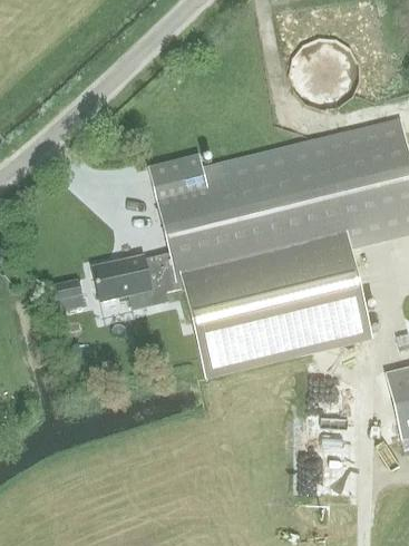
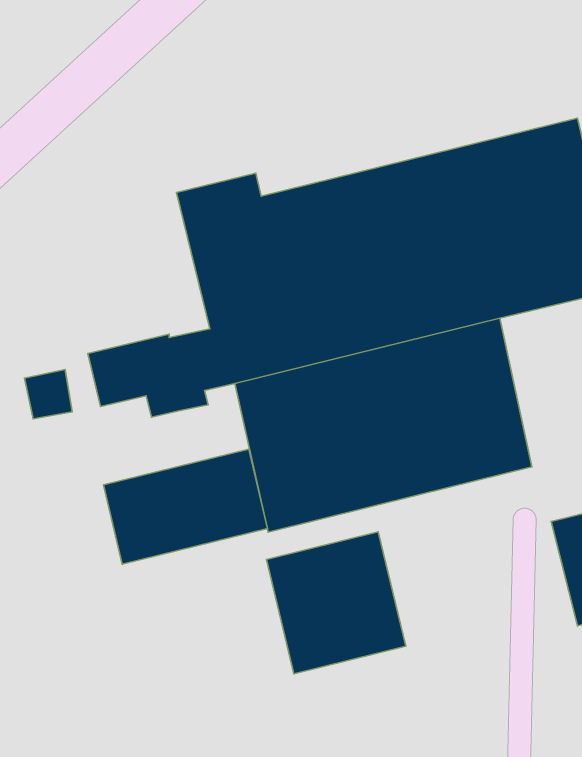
building: none -> [103,449,267,564]
building: none -> [266,532,406,674]

